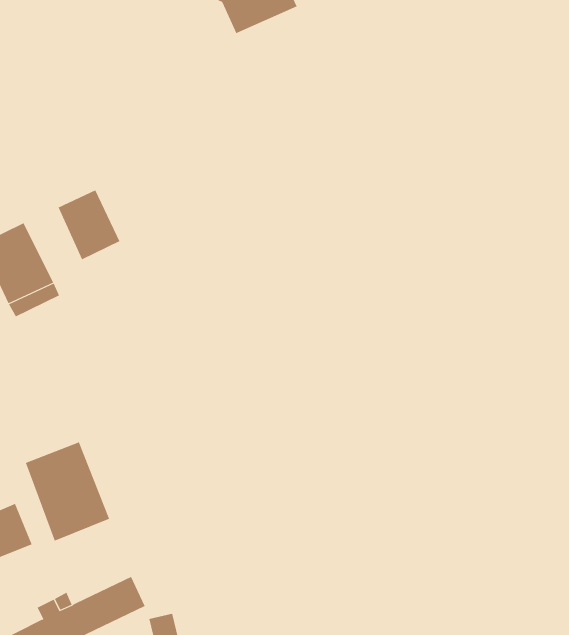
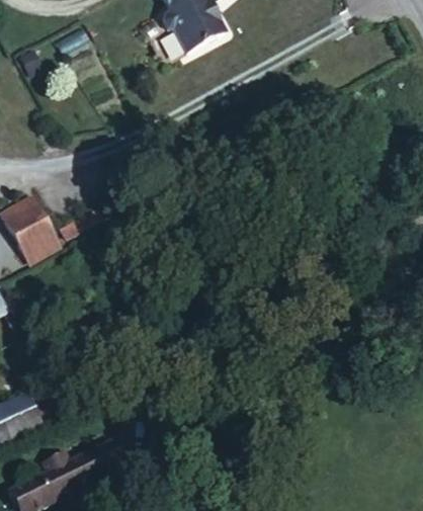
building: [58,189,120,260] -> none
building: [25,441,110,541] -> none

